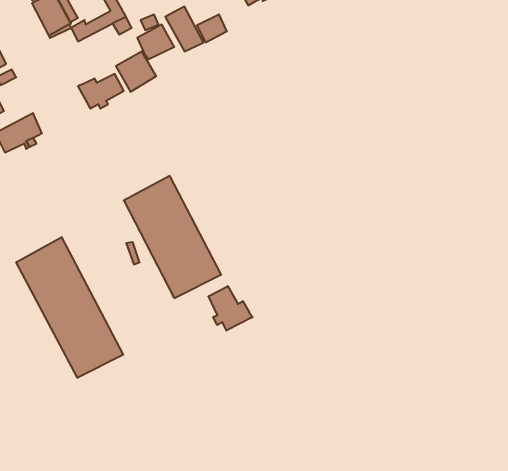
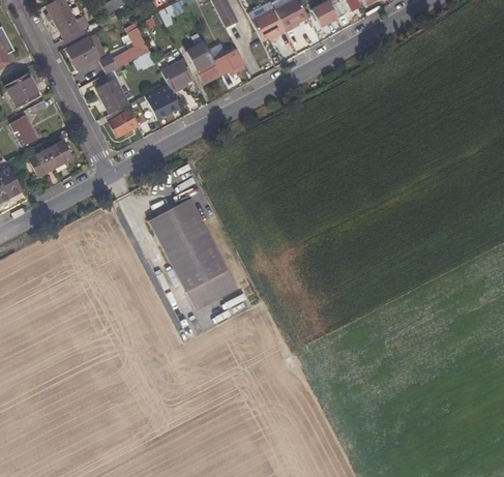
building: none -> [97,80,126,113]
building: [16,237,123,378] -> none
building: [208,286,253,331] -> none

